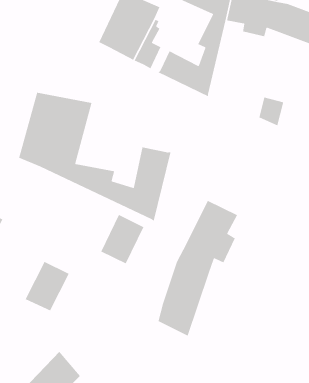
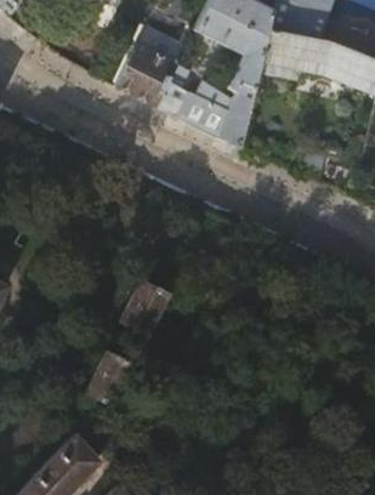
building: [18,92,171,222] -> none
building: [157,200,238,337] -> none
building: [25,261,70,311] -> [85,351,136,408]

